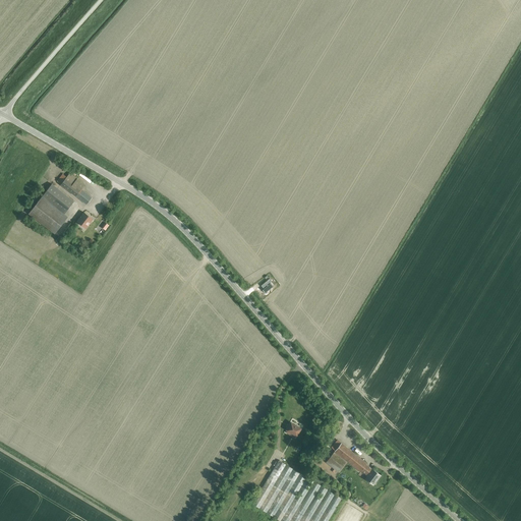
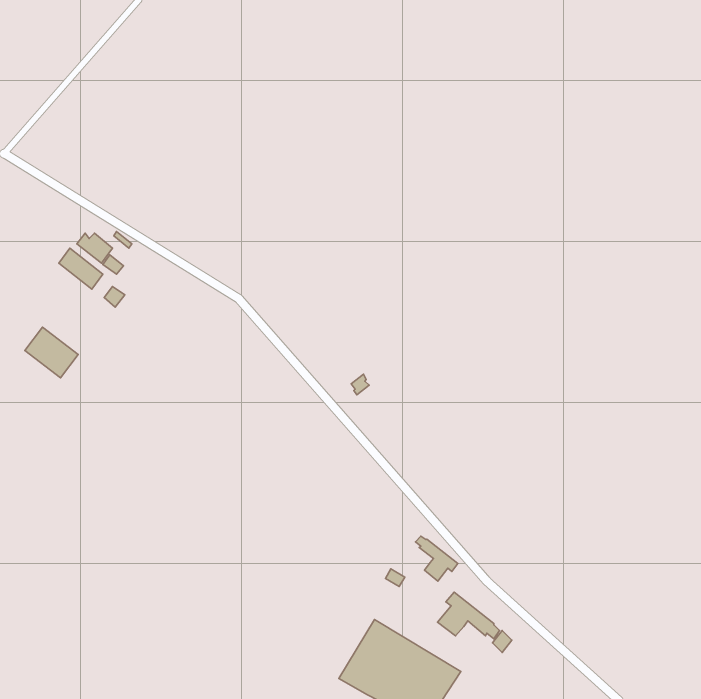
building: [28,197,68,235] -> [25,327,78,378]
building: none -> [416,536,458,581]

